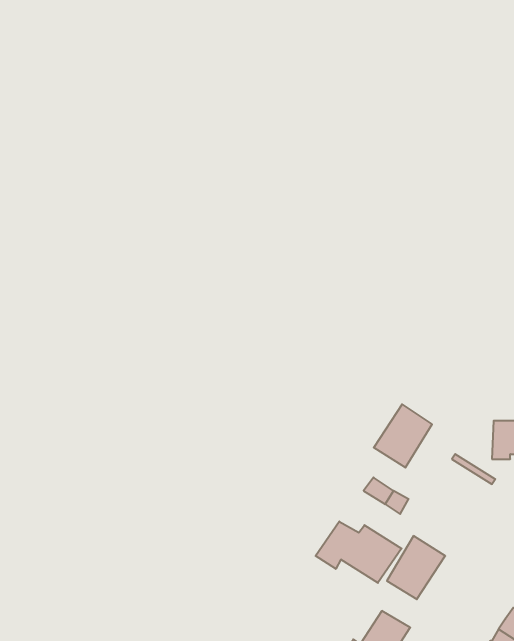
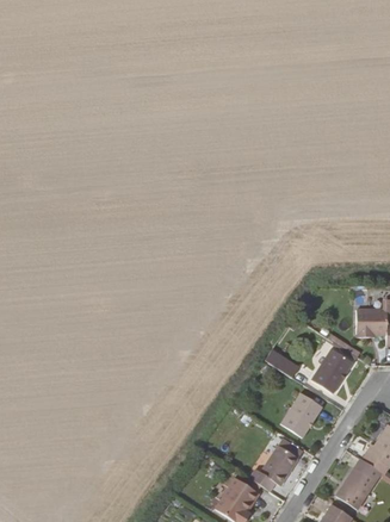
building: [374,404,432,468] -> [311,347,353,392]
building: [316,521,402,583] -> none

